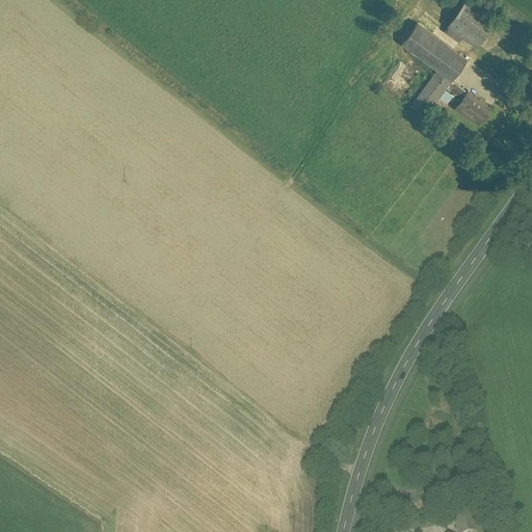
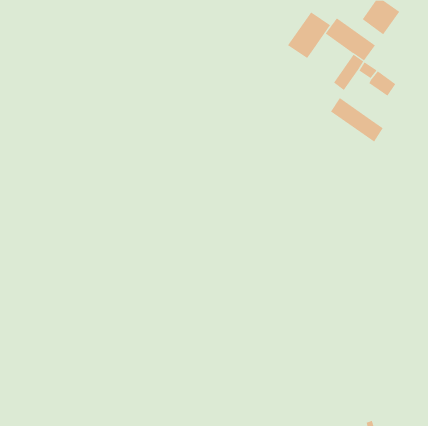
building: none -> [287,11,331,59]
building: none -> [330,97,384,142]

